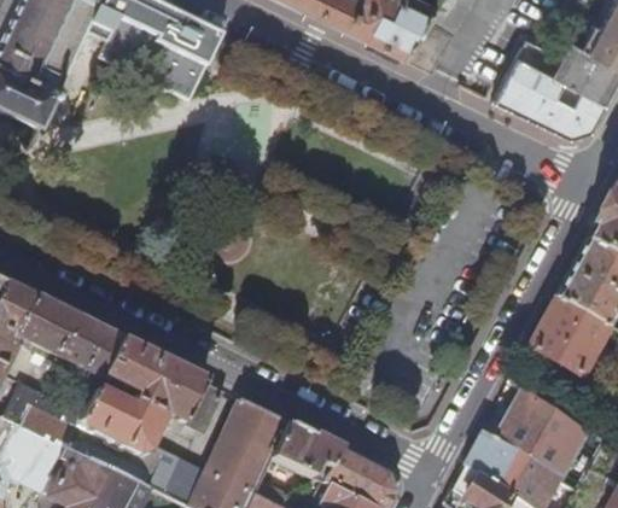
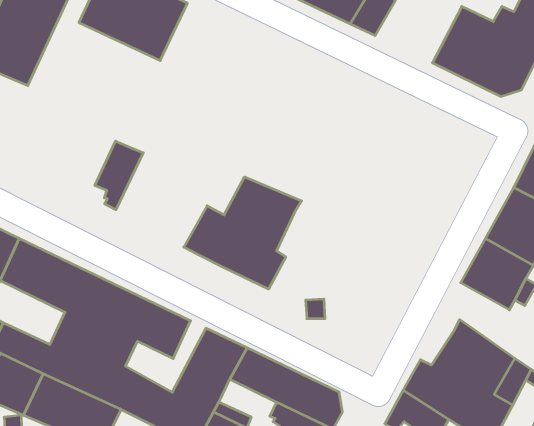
building: none -> [95,141,143,210]
building: none -> [184,177,302,289]

